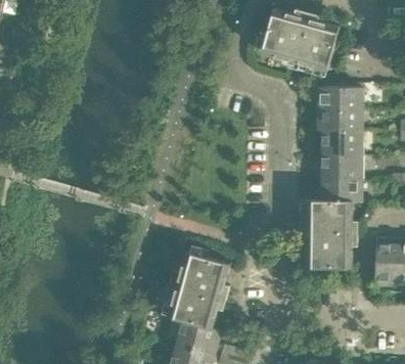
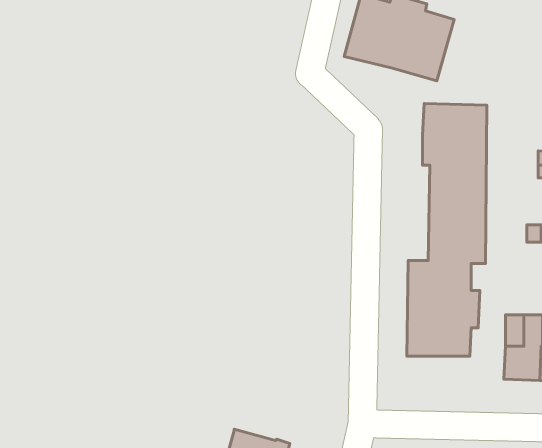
building: [167,251,229,327] -> none

